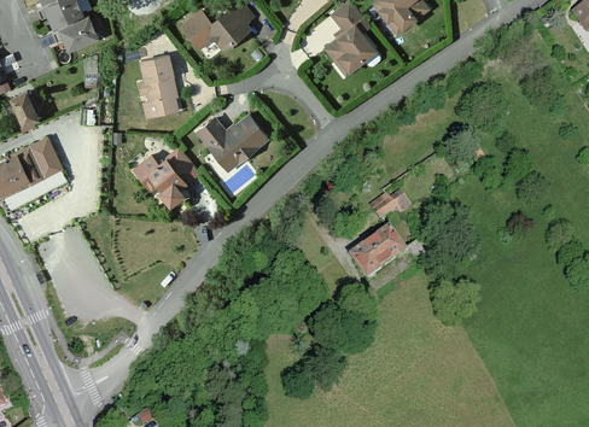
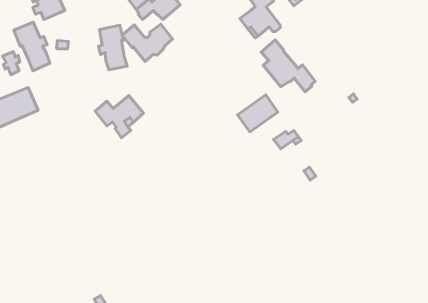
building: none -> [14,22,50,71]
building: none -> [261,40,315,92]
building: [198,118,264,168] -> [122,24,173,62]
building: [351,232,404,280] -> [238,95,278,131]

